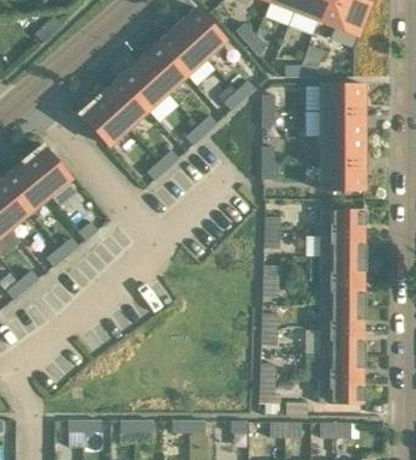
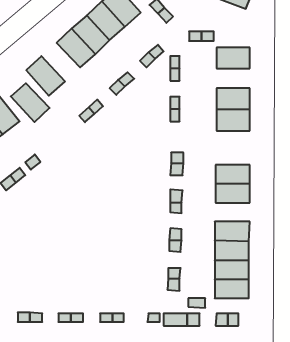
building: [97,79,147,129] -> [11,83,50,122]
building: [320,112,362,137] -> none
building: [319,209,362,234] -> none
building: [317,282,362,306] -> none

